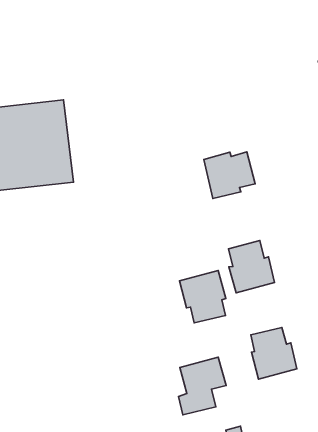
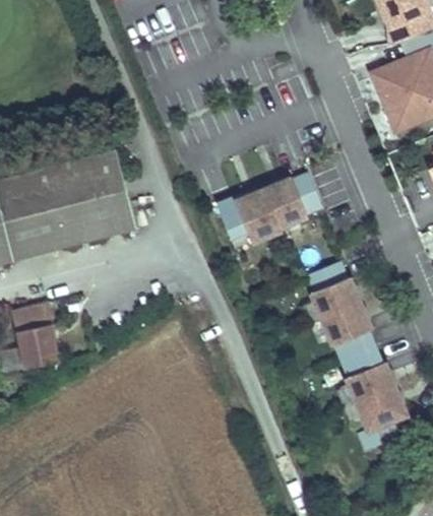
building: none -> [218,186,284,240]
building: [180,270,226,323] -> [320,301,372,358]
building: [178,357,226,415] -> [356,385,406,449]

